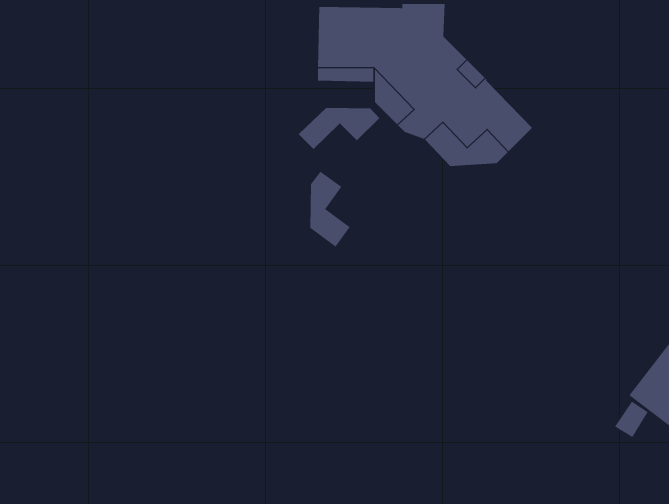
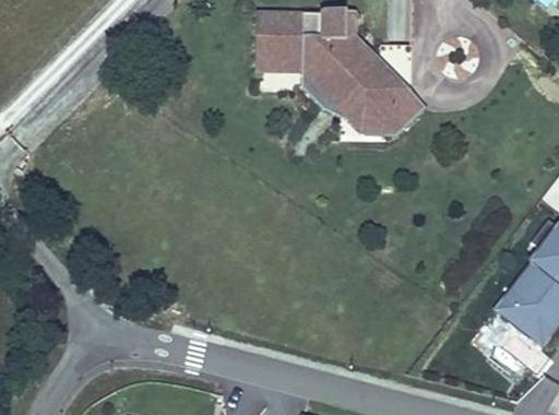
building: [298,107,380,150] -> none
building: [310,171,350,247] -> none

